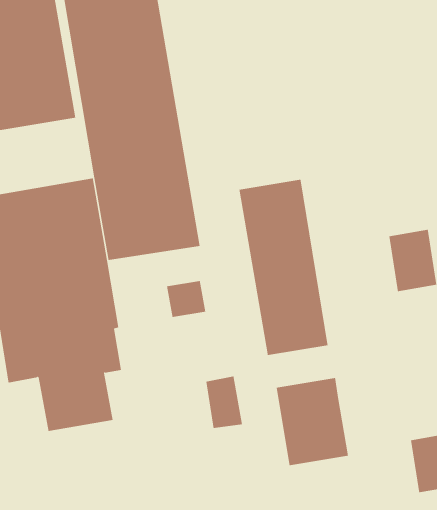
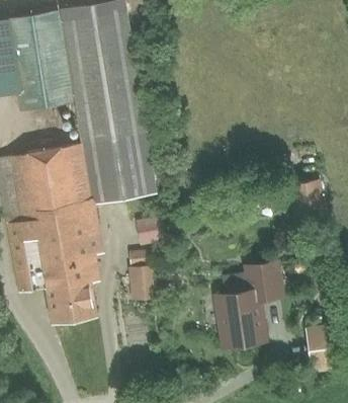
building: [239,179,328,356] -> none
building: none -> [250,259,282,300]
building: [206,376,243,429] -> [128,262,155,300]

